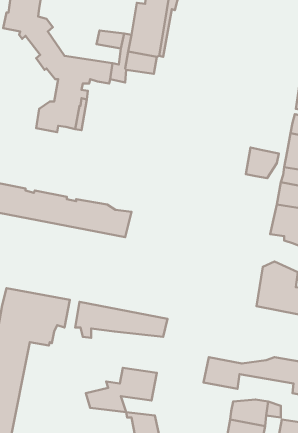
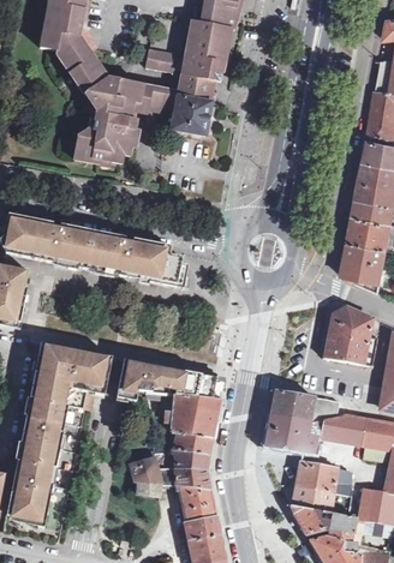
building: none -> [172,92,210,131]
building: [246,147,279,178] -> none
building: none -> [159,389,219,436]
building: none -> [270,391,338,425]
building: none -> [171,462,209,484]

